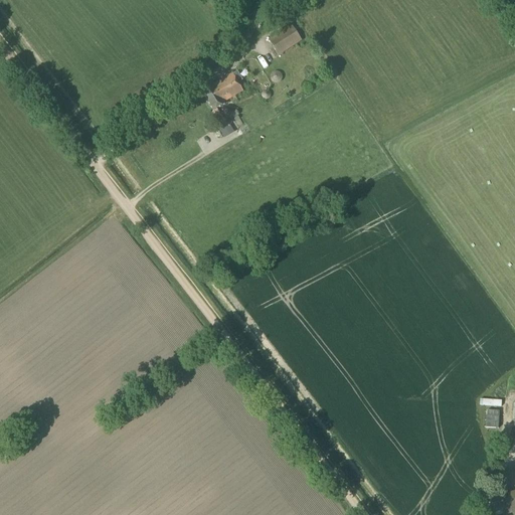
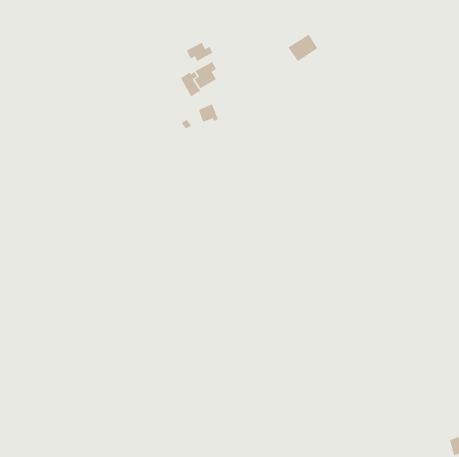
building: [269,22,303,53] -> [288,34,318,62]
building: none -> [186,42,213,62]

